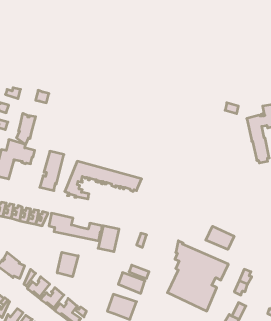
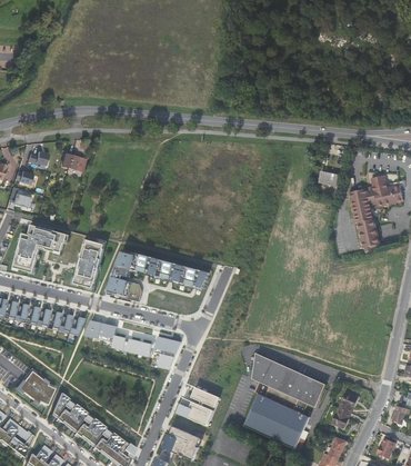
building: [17,113,36,145] -> none
building: [206,226,234,249] -> none
building: [57,252,78,277] -> none

